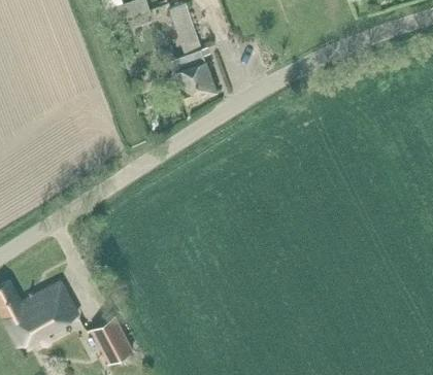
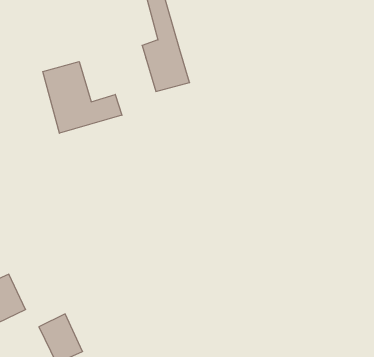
building: none -> [43,62,122,133]

